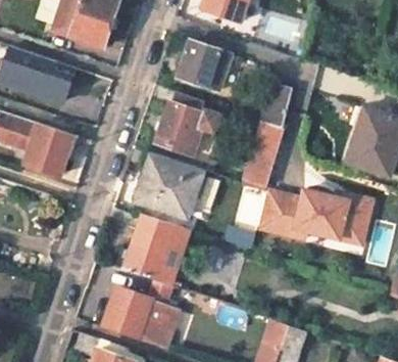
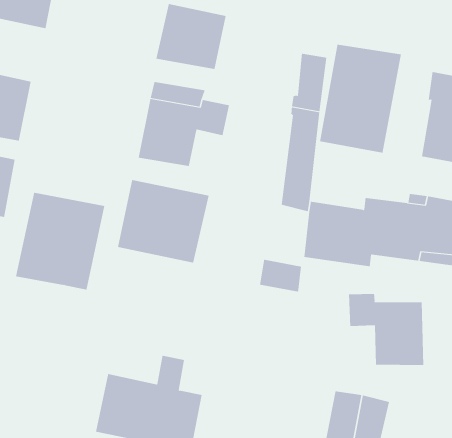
building: none -> [319,44,401,153]
building: [122,213,190,284] -> [15,192,105,290]
building: none -> [349,293,424,366]

